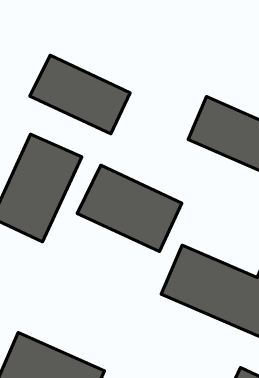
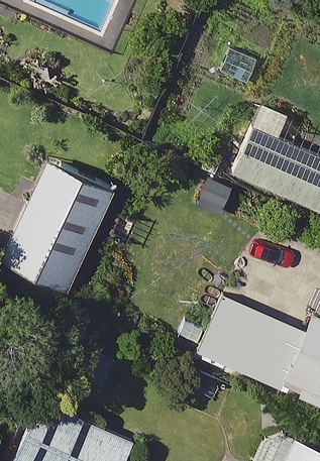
building: [30,55,130,134] -> none
building: [77,165,182,252] -> none

